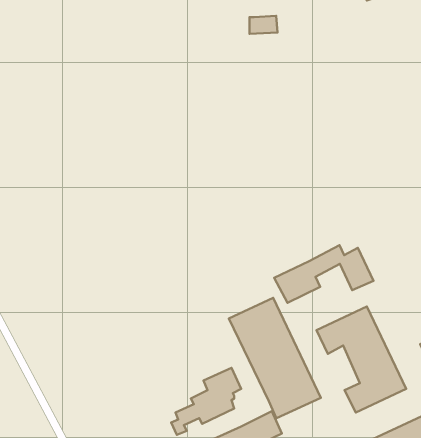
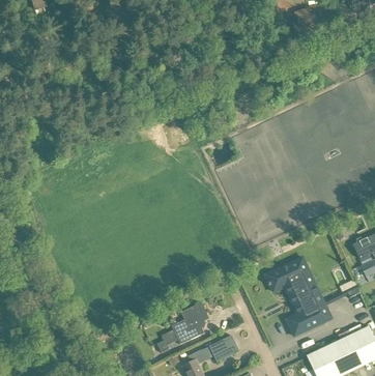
building: [274,245,374,303] -> none
building: [229,298,321,418] -> none

